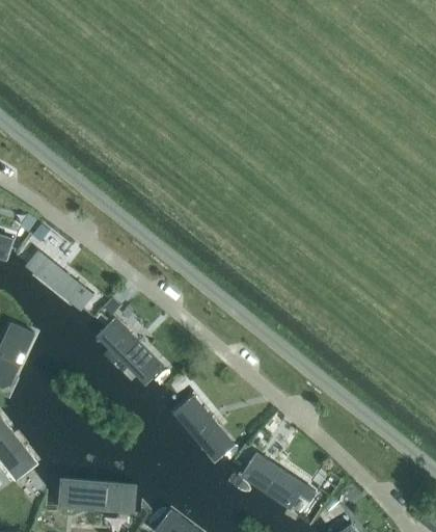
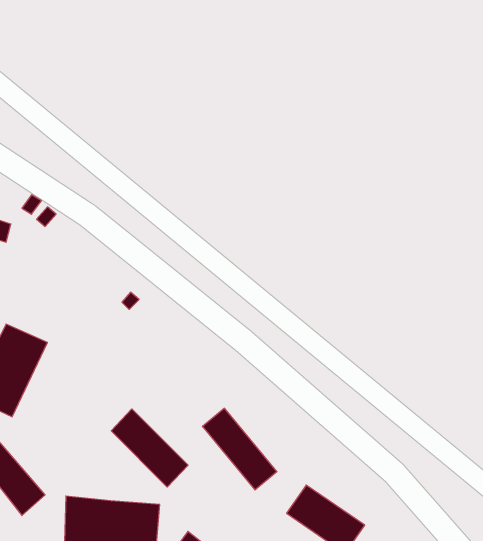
building: [29,255,99,316] -> none
building: [100,322,165,389] -> [111,409,188,487]

